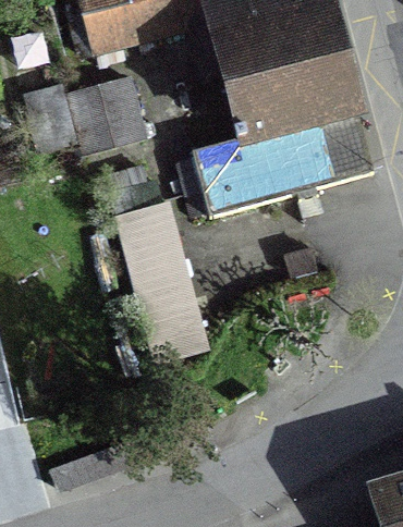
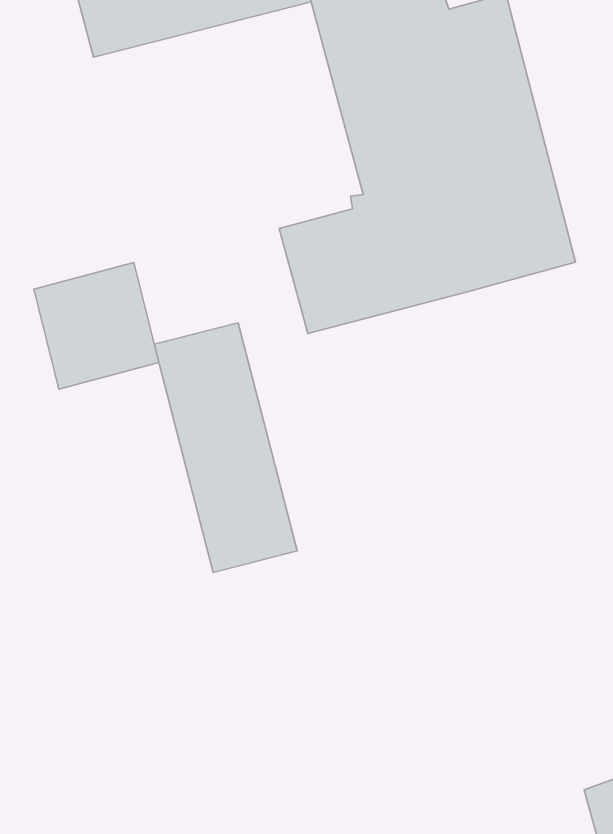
building: [64,72,141,149] -> [34,263,159,389]

